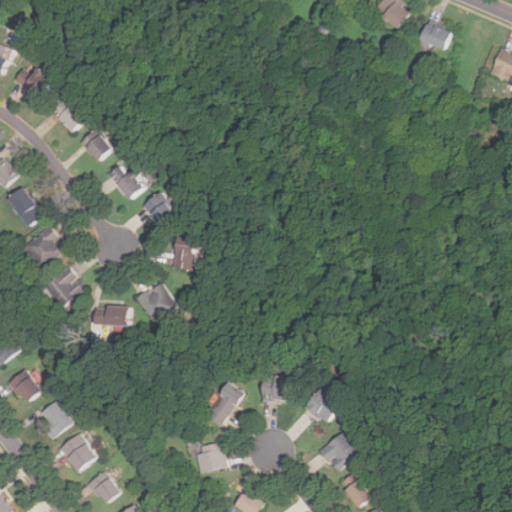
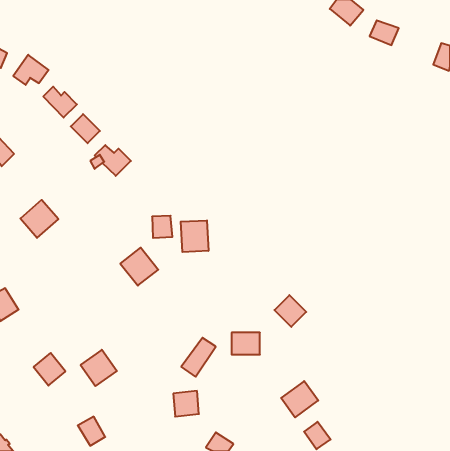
building: [6,186,43,226] -> none
building: [142,191,178,228] -> none
building: none -> [181,220,208,252]
building: [45,266,86,306] -> none
building: [94,305,131,325] -> none
building: [9,369,42,403] -> none
building: [304,388,340,424] -> [274,295,306,327]
building: [59,430,100,471] -> [81,350,117,386]

